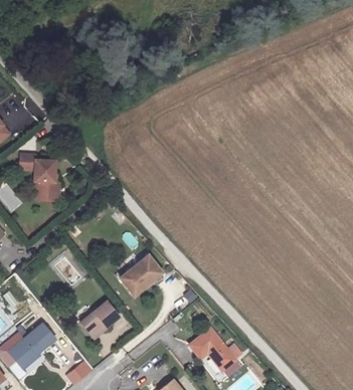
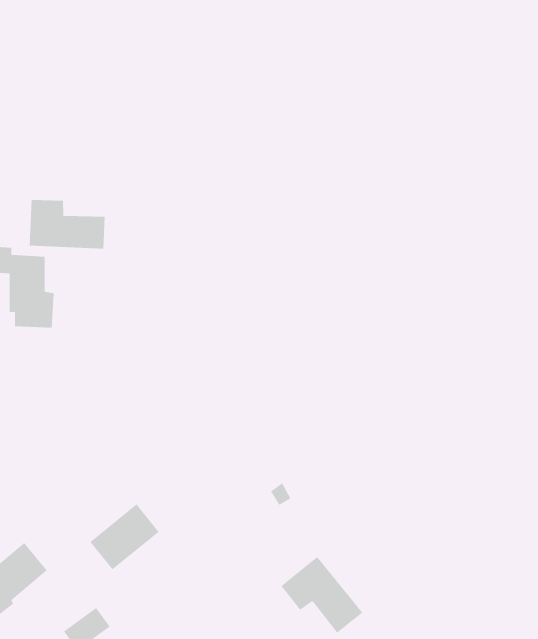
building: none -> [29,199,105,250]
building: [123,255,165,292] -> none

